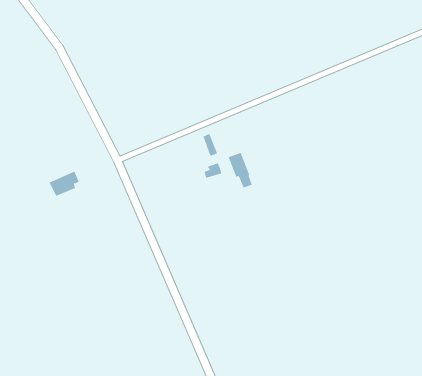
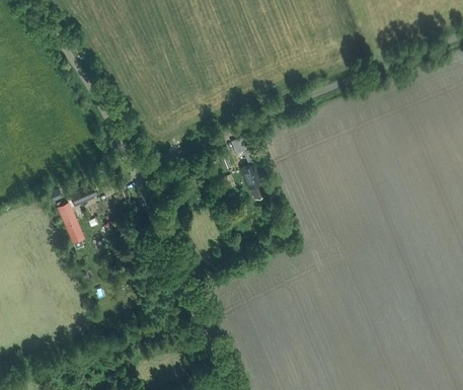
building: none -> [56,205,84,244]

